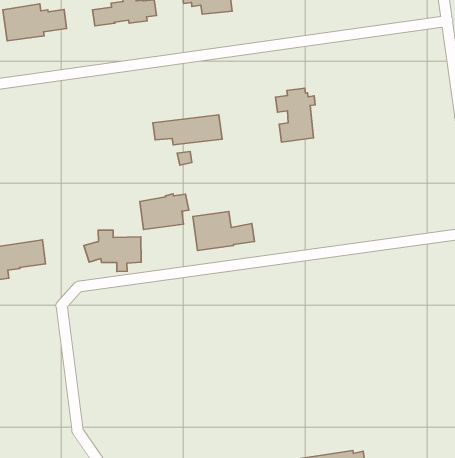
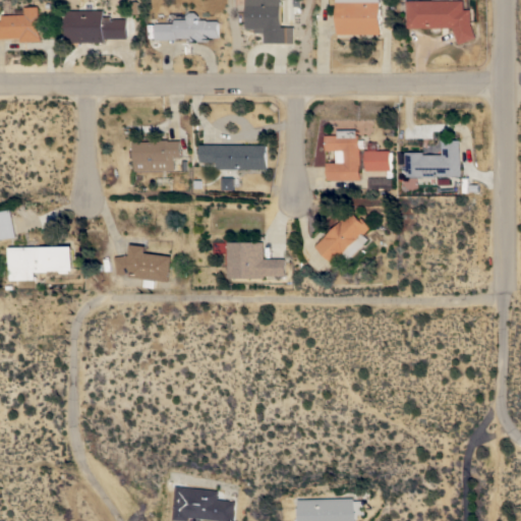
building: none -> [405,140,460,177]
building: none -> [363,151,391,181]
building: none -> [314,211,369,265]
building: [140,194,189,230] -> [132,139,180,171]

